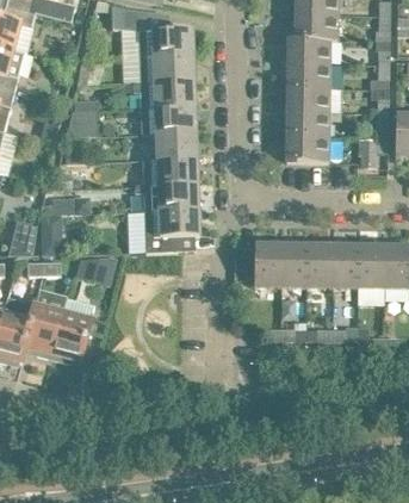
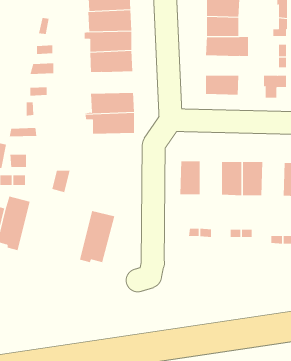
building: [286,111,329,136] -> none
building: [142,131,197,159] -> none
building: [144,209,199,252] -> none
building: [280,243,306,286] -> none
building: [358,244,385,287] -> none
building: [51,294,97,360] -> [79,211,115,263]

